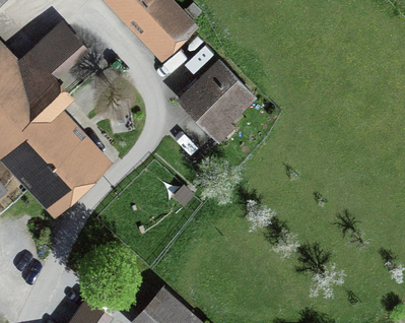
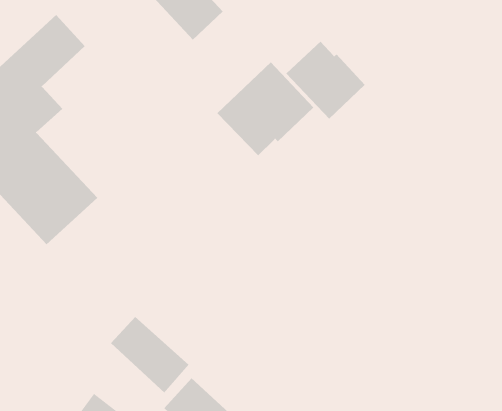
building: none -> [285,41,366,120]
building: none -> [110,316,190,393]

